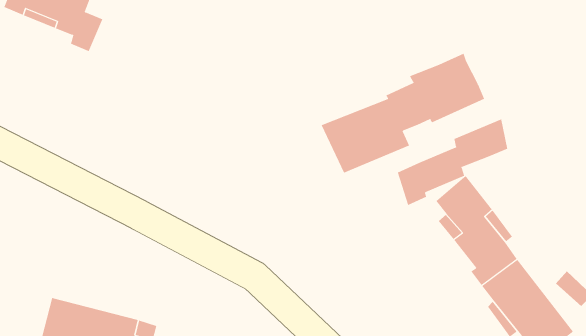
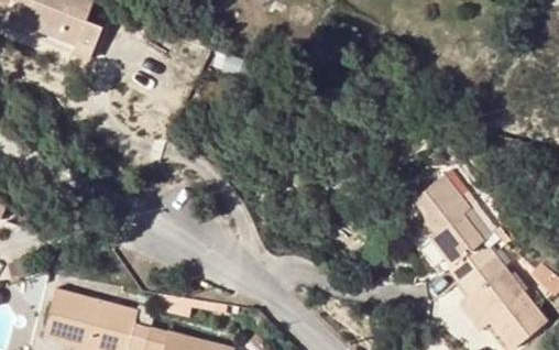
building: [321,53,485,173] -> none
building: [397,118,508,206] -> none

